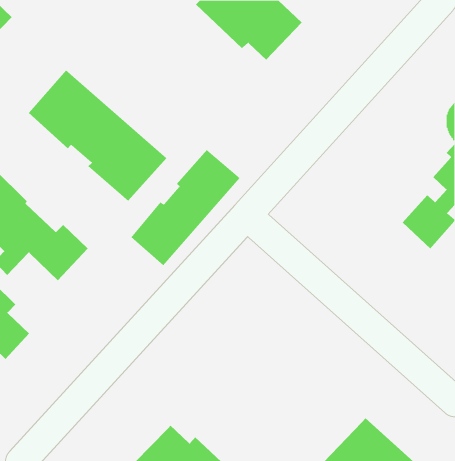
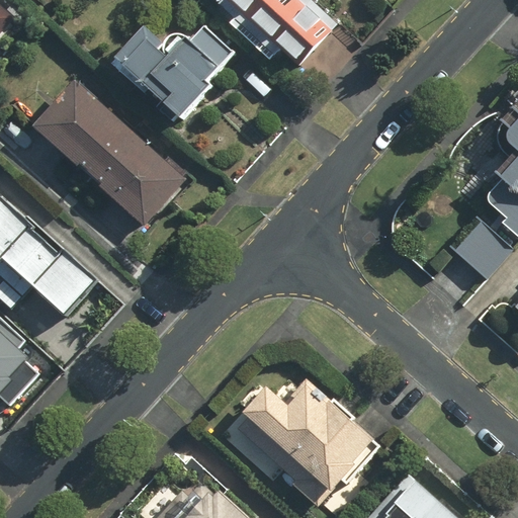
building: none -> [111,26,234,126]
building: [130,149,240,266] -> none
building: none -> [217,379,380,505]

